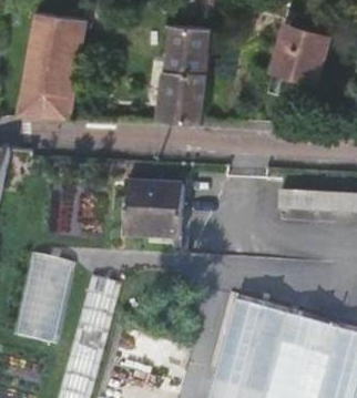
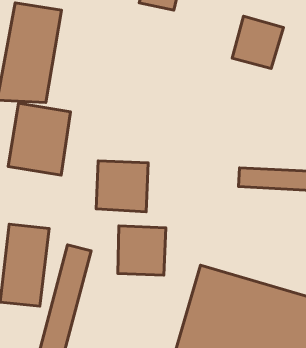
building: [155,27,211,124] -> none
building: none -> [8,103,71,175]
building: none -> [118,226,166,275]

